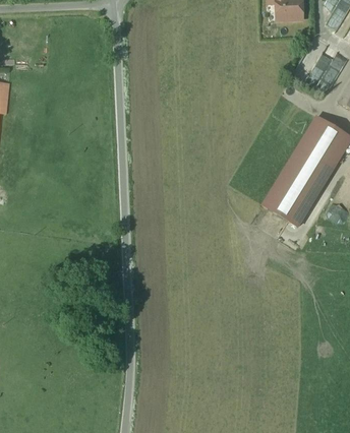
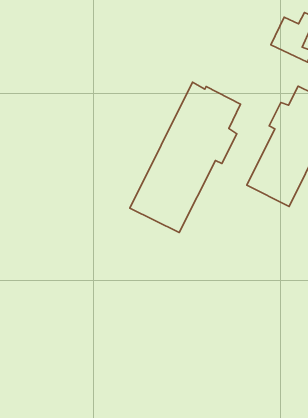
building: none -> [130,82,241,232]

